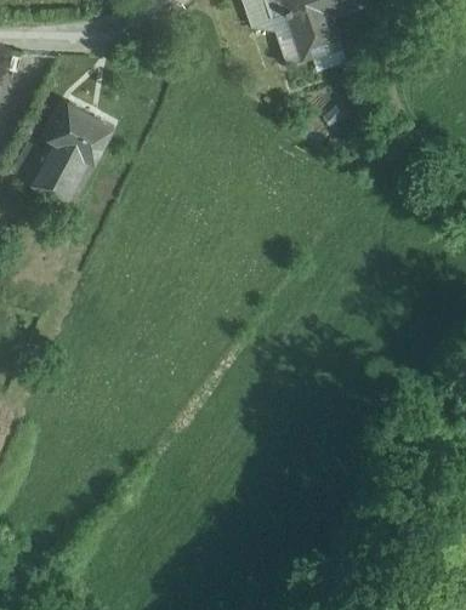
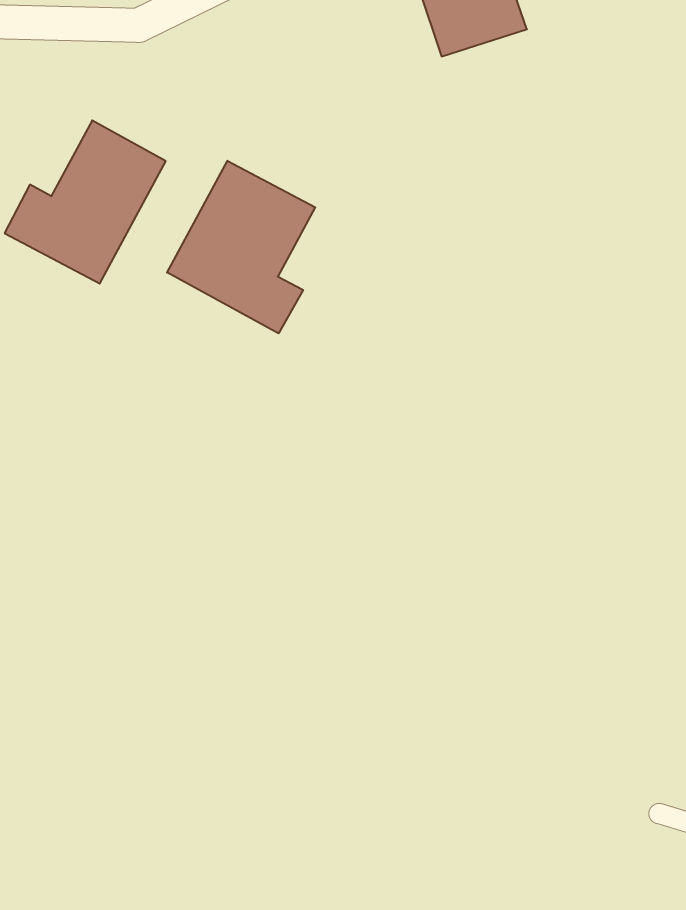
building: none -> [167,161,315,333]

